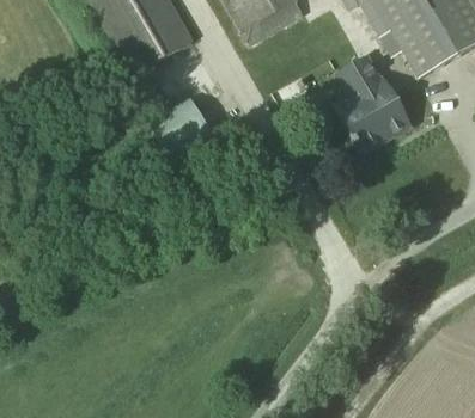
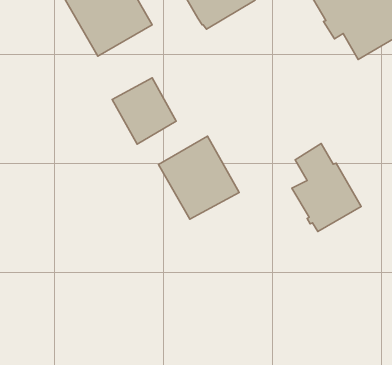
building: [334,54,410,150] -> [292,144,361,231]
building: none -> [158,136,239,219]

